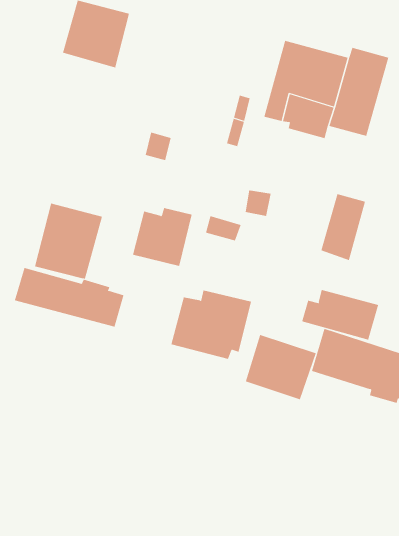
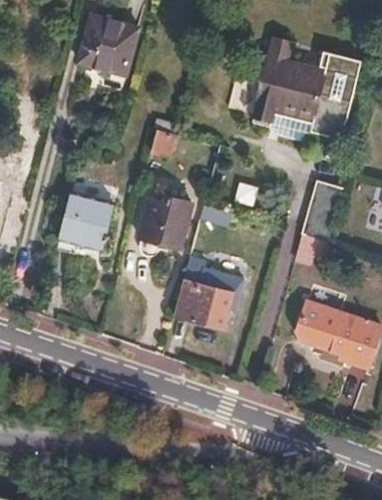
building: [14,267,124,328] -> none
building: [301,289,379,341] -> none
building: [245,334,317,400] -> none

